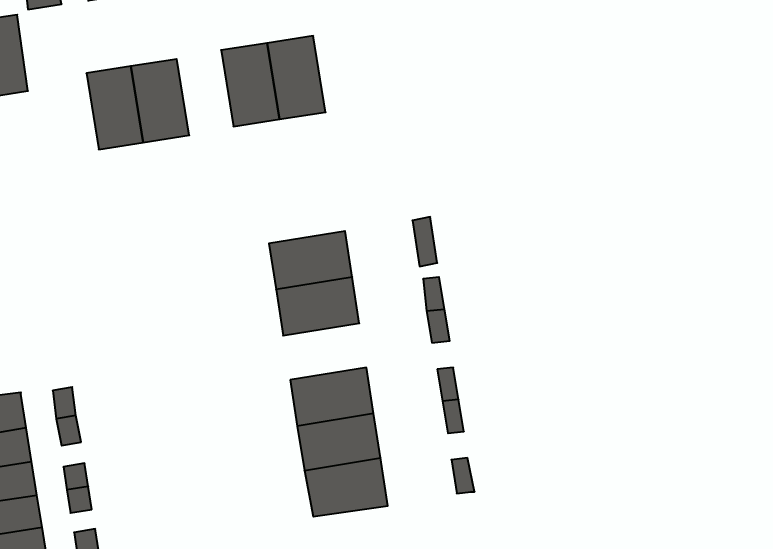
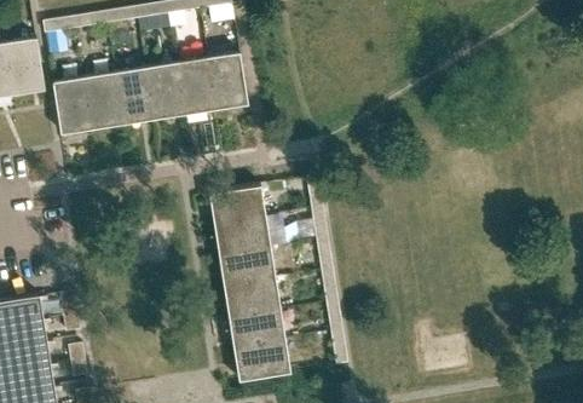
building: none -> [145,62,184,120]
building: none -> [52,77,92,134]
building: none -> [218,248,275,287]

